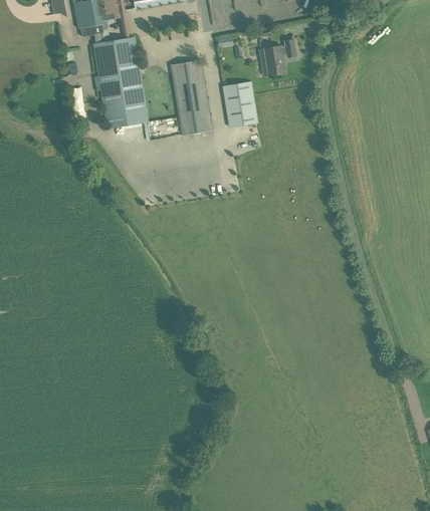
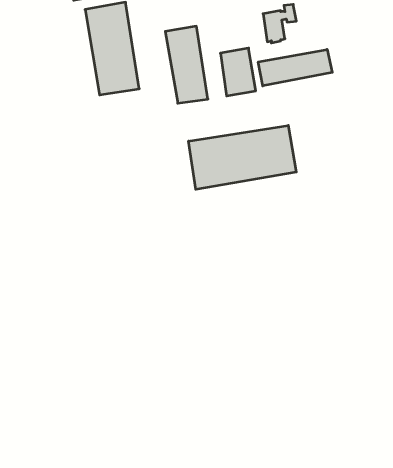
building: none -> [258,49,332,86]
building: none -> [189,125,296,189]

